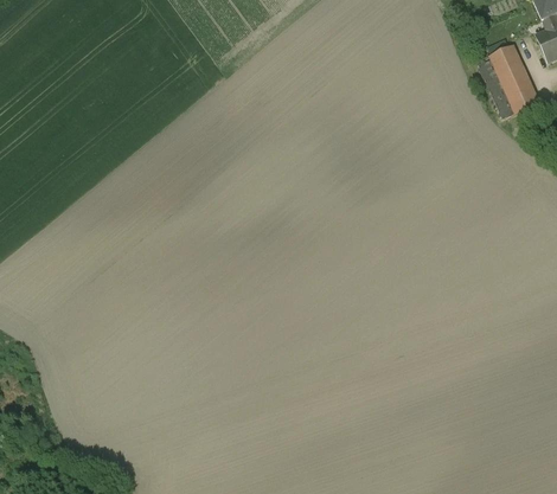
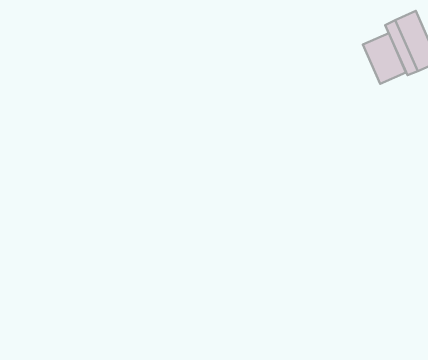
building: none -> [363,33,406,84]

